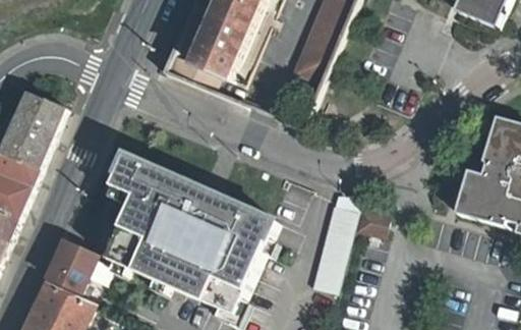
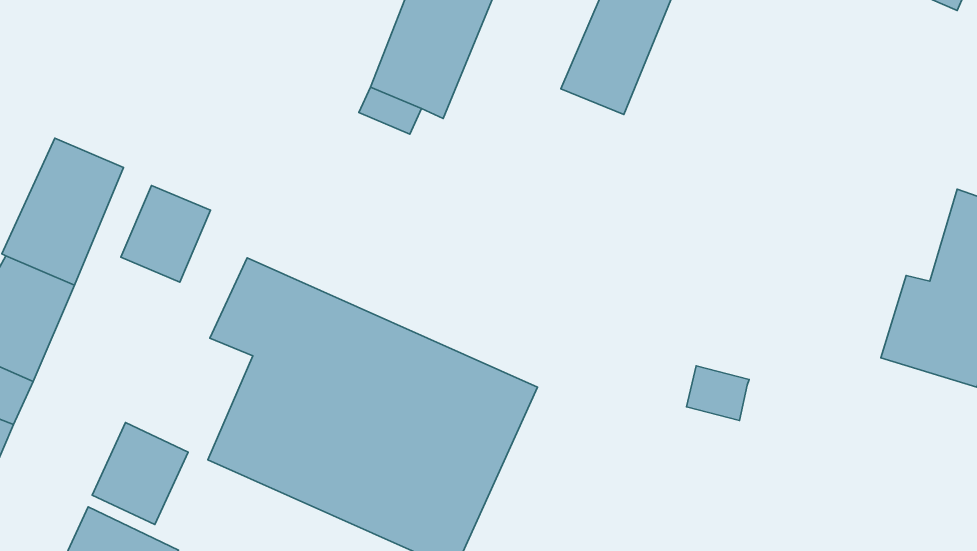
building: none -> [121,186,211,282]
building: [312,201,357,289] -> none

